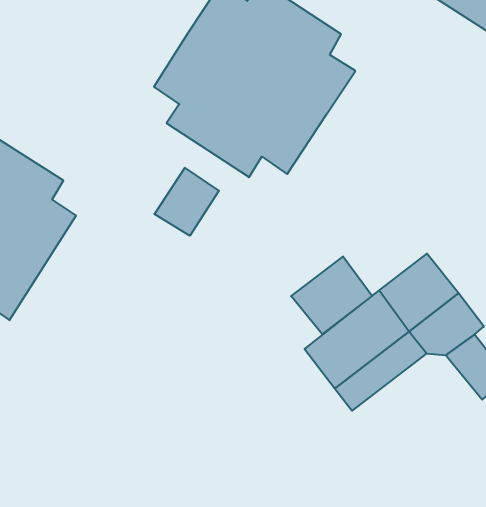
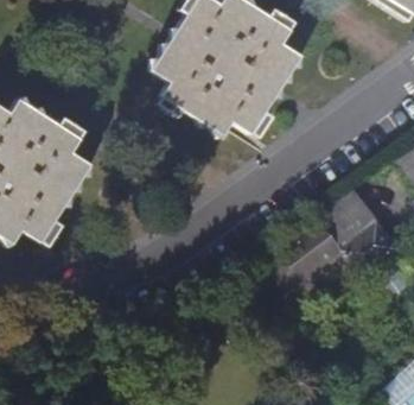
building: [154,168,219,236] -> none
building: [291,256,372,334] -> none

